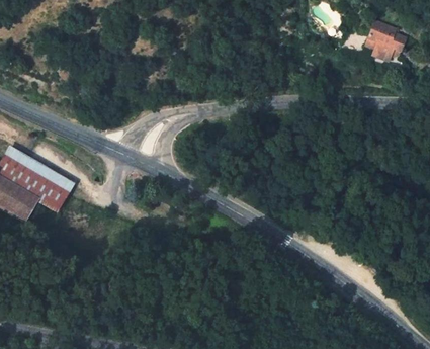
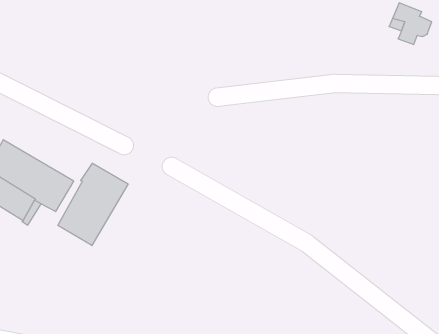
building: none -> [58,163,128,246]

